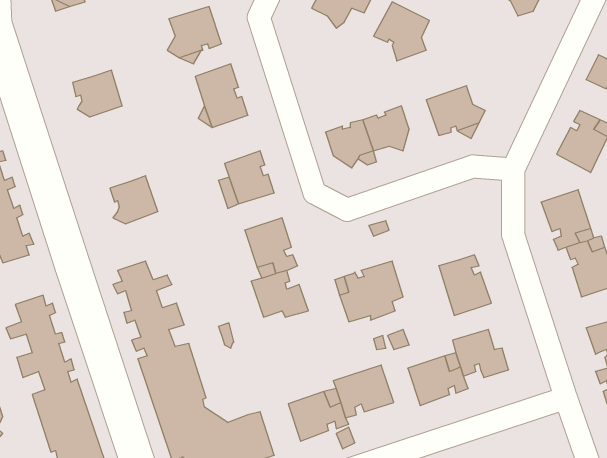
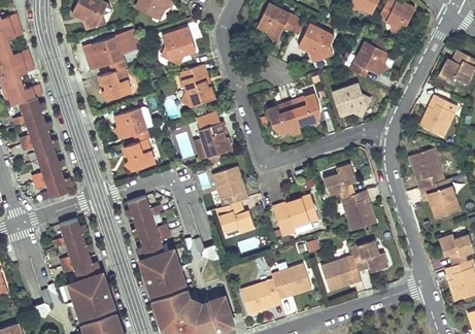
building: none -> [89,33,138,73]
building: none -> [349,37,394,77]
building: none -> [114,108,149,142]
building: none -> [323,165,354,199]

